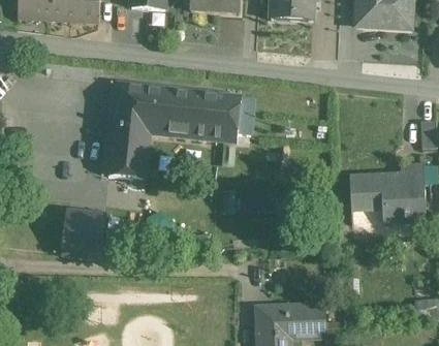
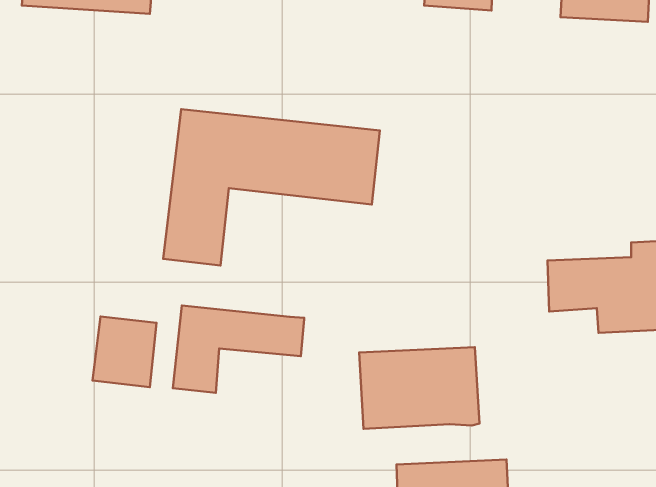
building: none -> [173,306,304,393]
building: none -> [359,347,479,429]

